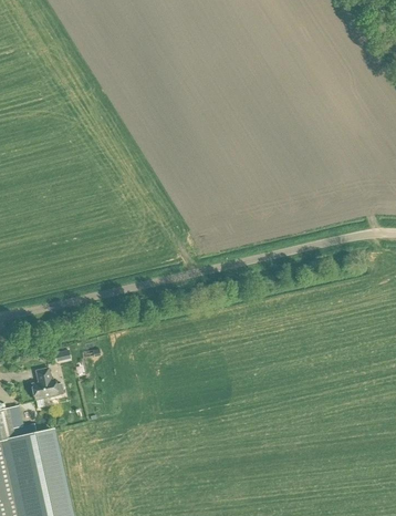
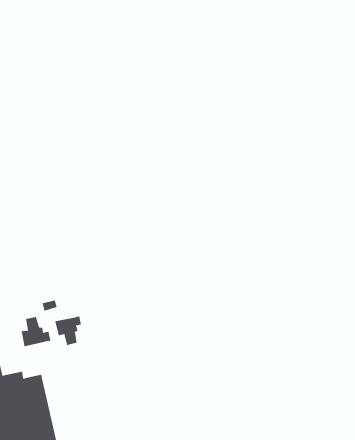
building: none -> [55,316,81,346]

